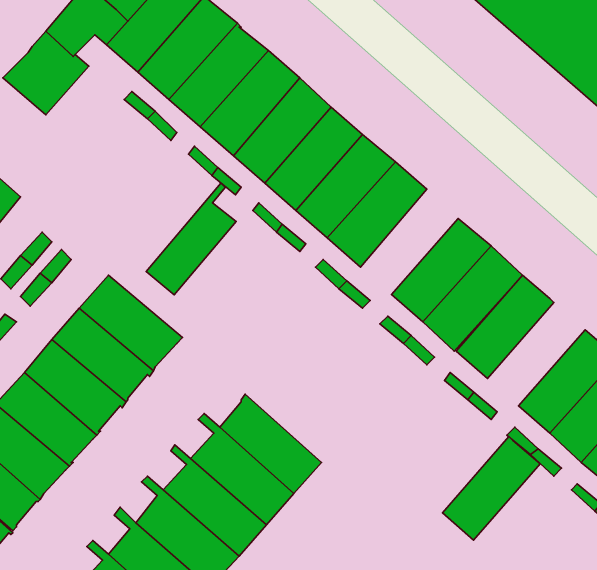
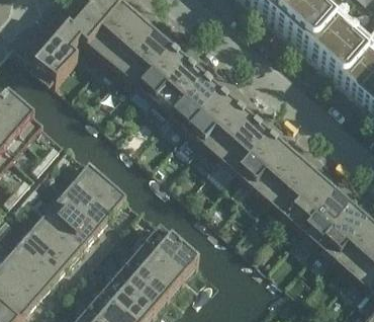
building: [146,183,236,295] -> none
building: none -> [218,115,269,170]
building: [442,437,540,540] -> [284,174,335,228]

